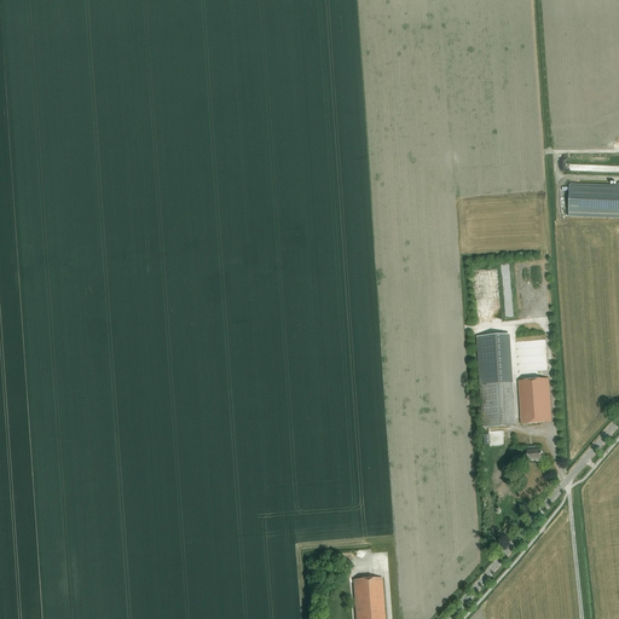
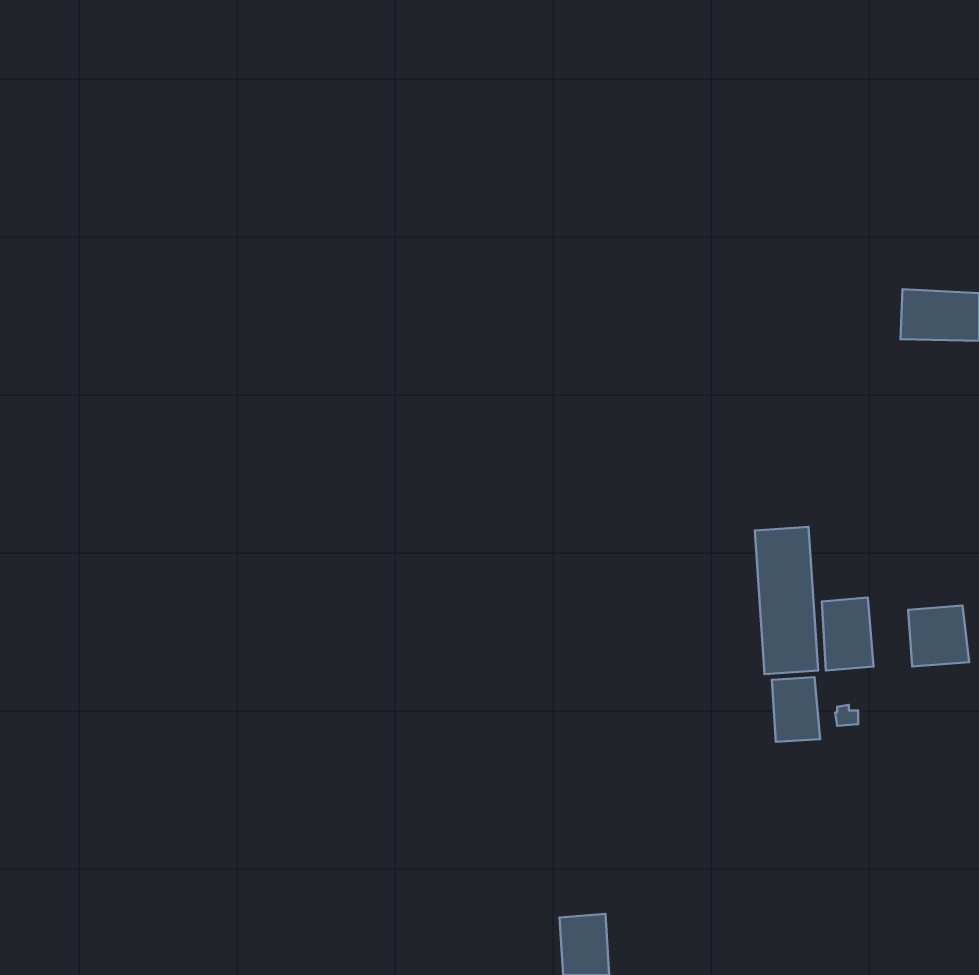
building: none -> [908,605,969,667]
building: none -> [772,677,820,742]

